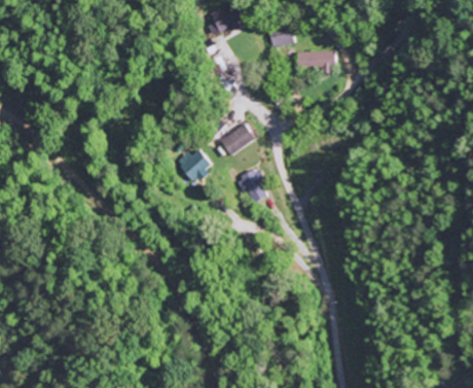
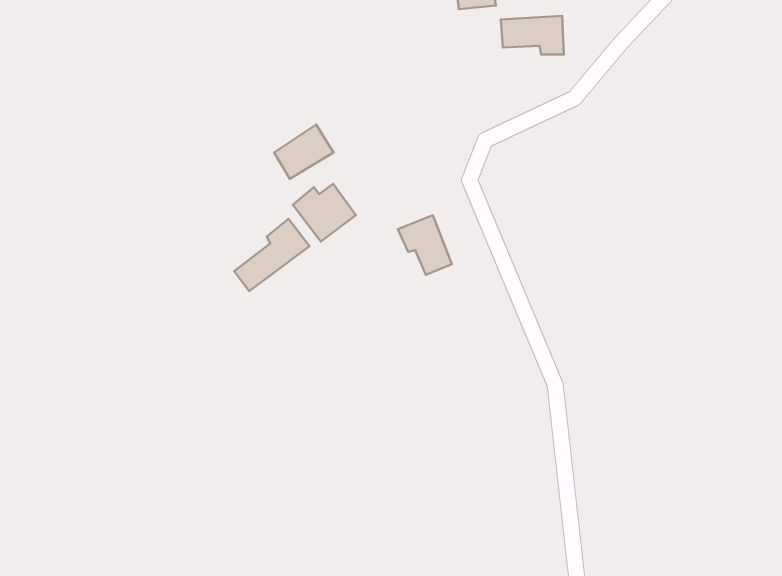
building: [220,122,255,154] -> [274,125,334,179]
building: none -> [234,219,310,291]

